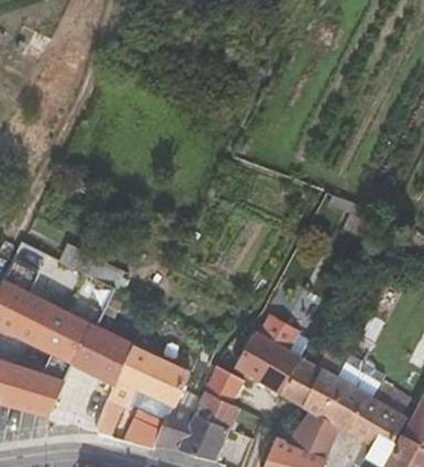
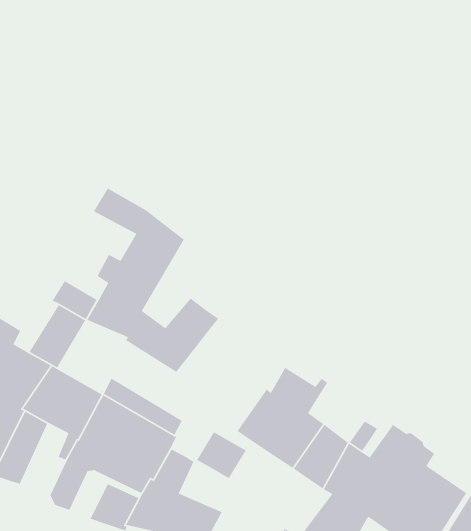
building: none -> [86,188,219,373]
building: [193,391,237,430] -> none

